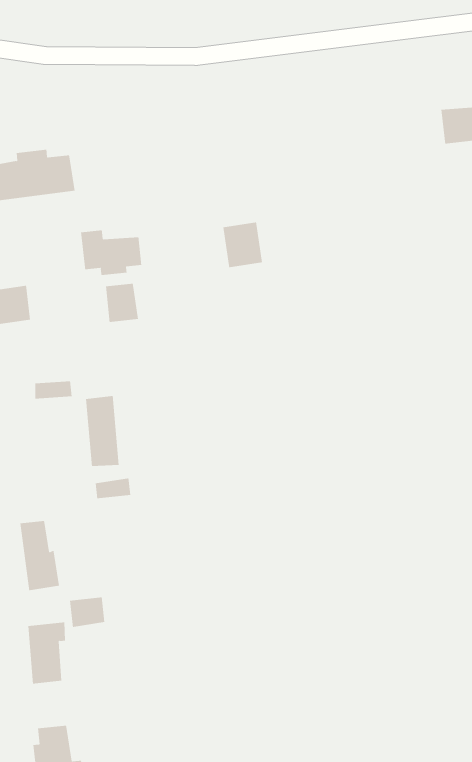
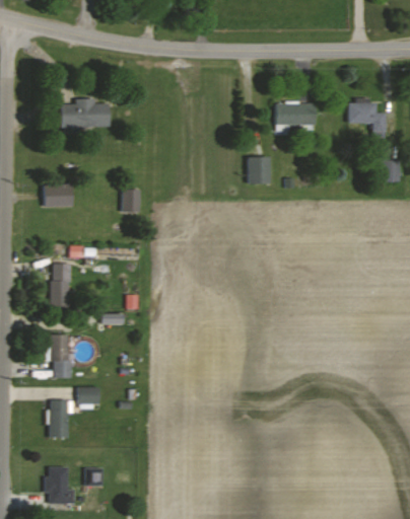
building: none -> [275,101,316,125]
building: [222,222,263,268] -> [247,156,270,183]
building: [81,230,142,276] -> none
building: [85,396,120,467] -> [51,264,70,308]

